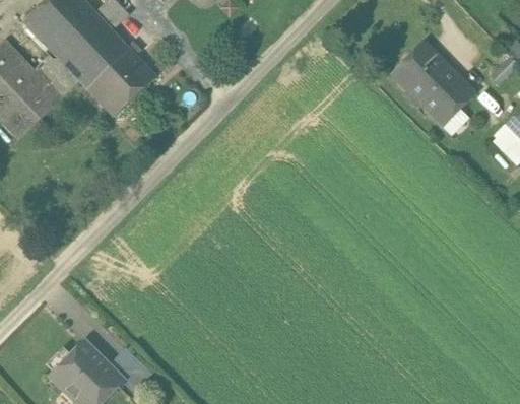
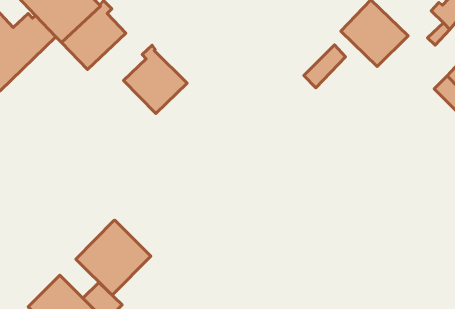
building: [430,79,475,126] -> [304,45,346,88]
building: none -> [124,45,187,113]
building: none -> [76,220,151,295]

